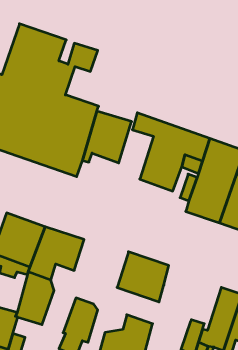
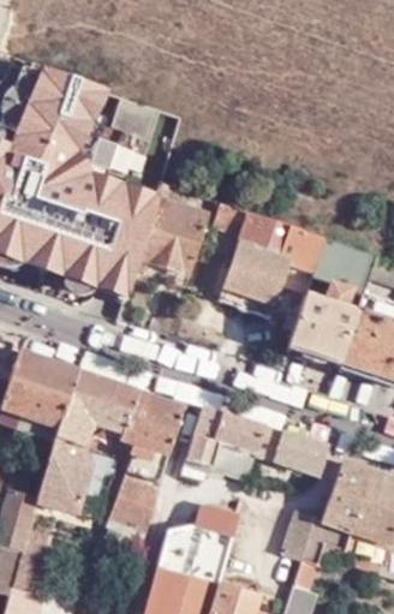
building: none -> [120,388,186,482]
building: none -> [256,427,327,475]

